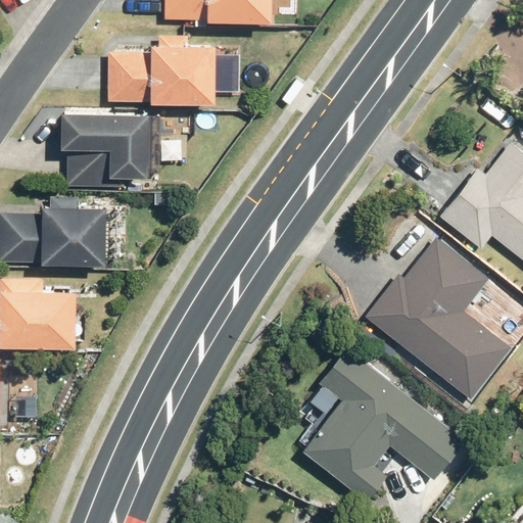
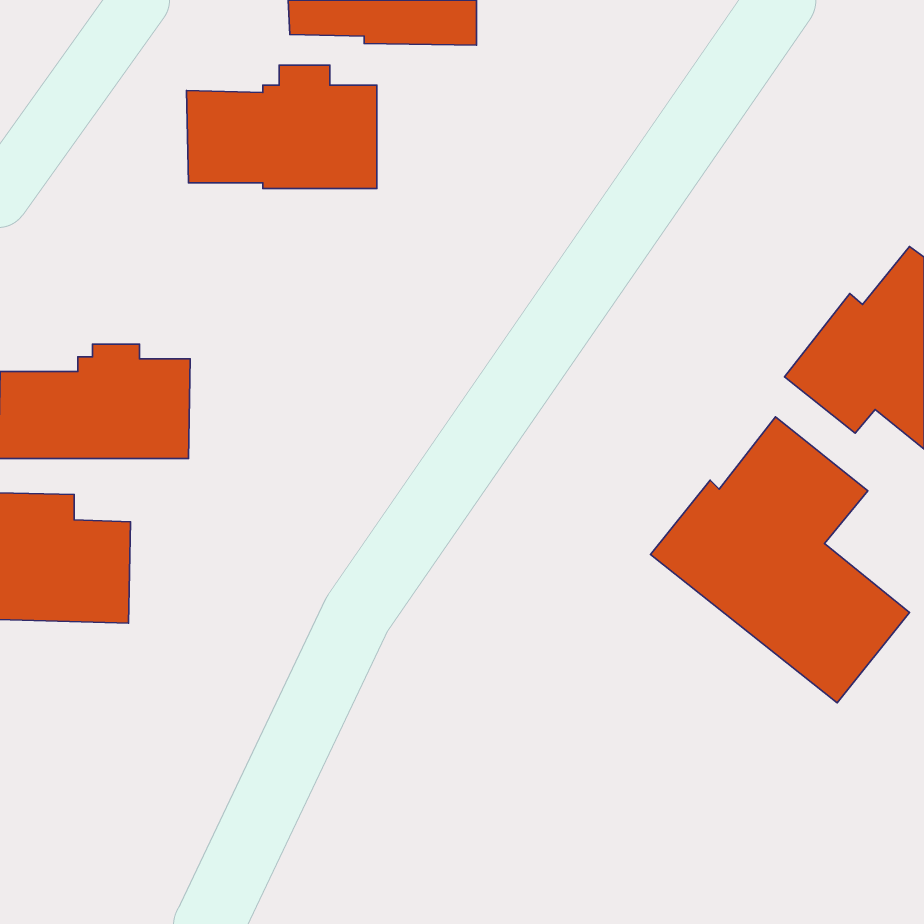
building: [57,116,146,190] -> none
building: [303,345,465,498] -> none

